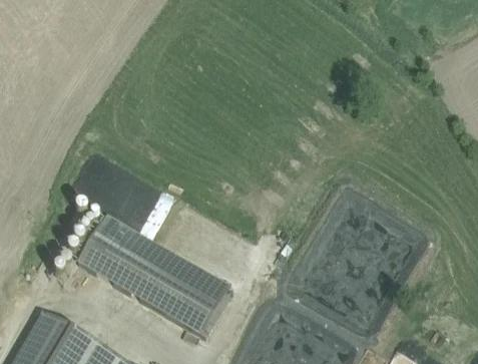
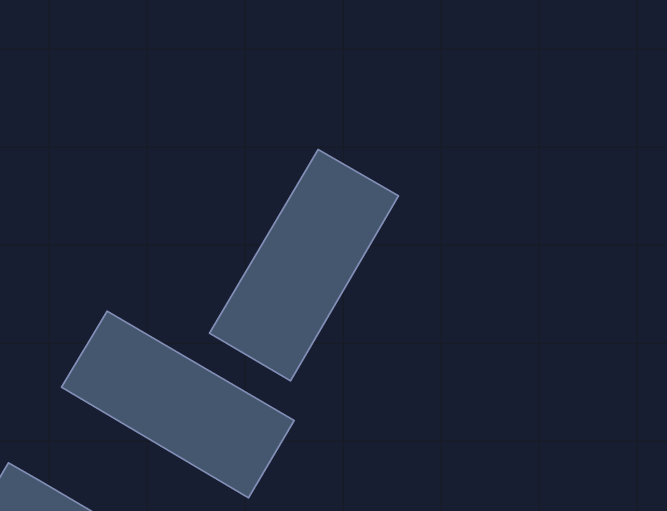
building: none -> [209,150,398,381]

